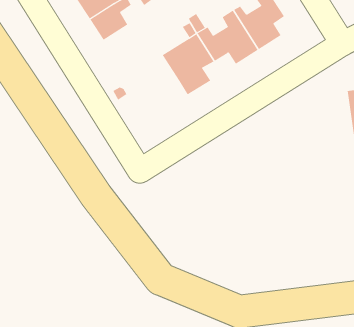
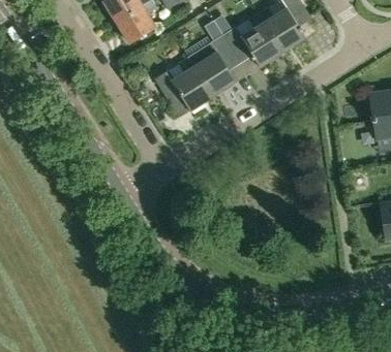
building: none -> [154,57,212,109]

